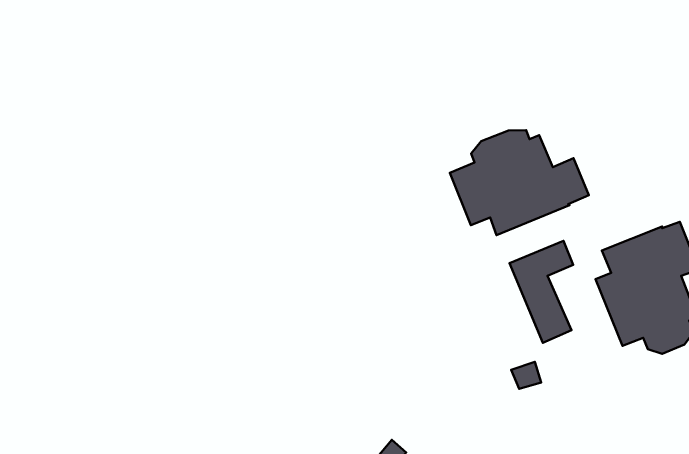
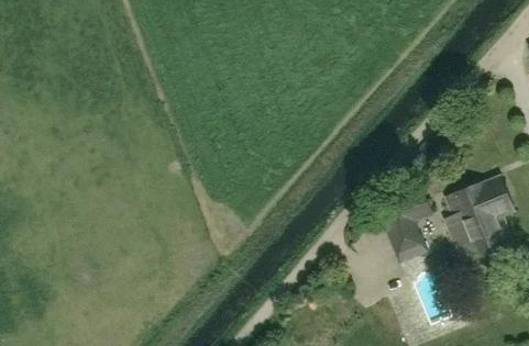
building: [450,130,589,235] -> none

